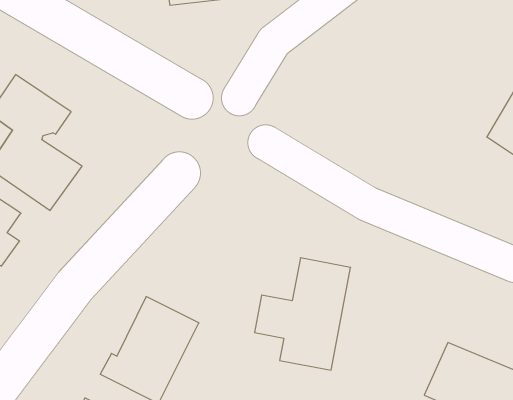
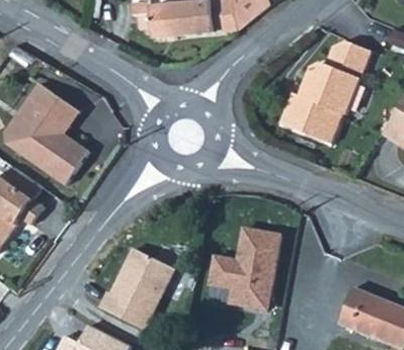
building: none -> [280,40,370,144]

